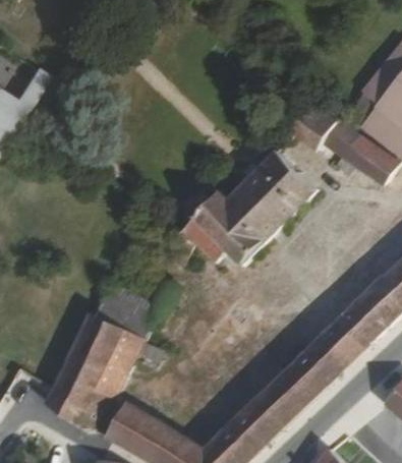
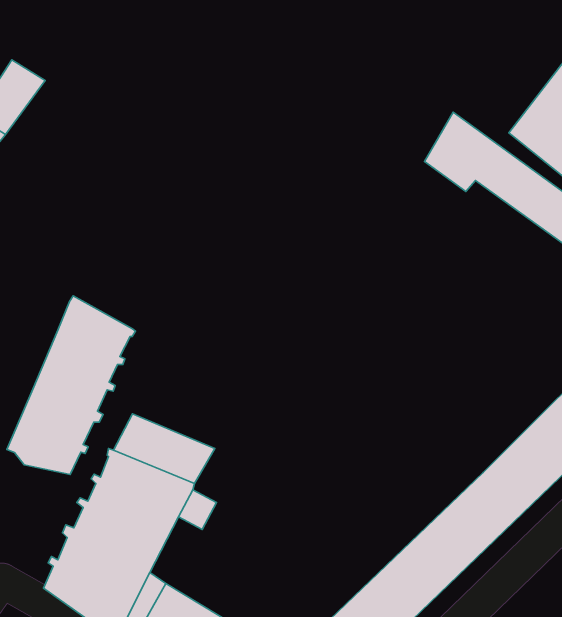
building: [173,149,319,270] -> none
building: none -> [7,296,136,475]

